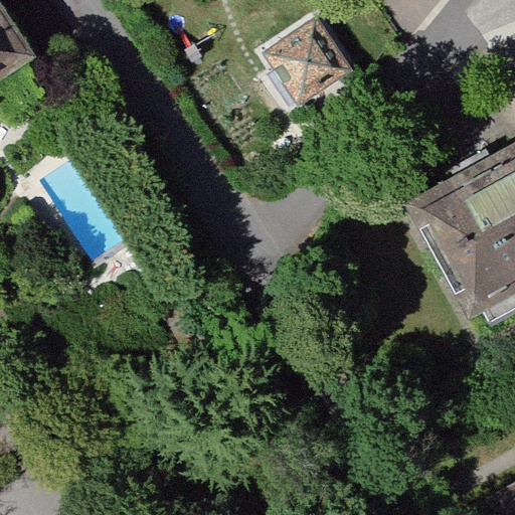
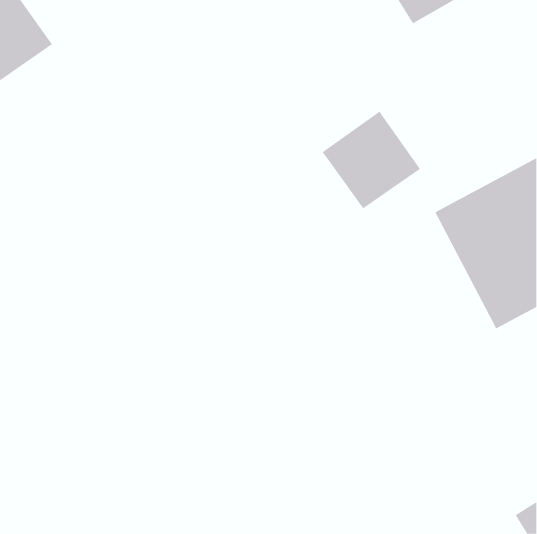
building: [260,13,354,107] -> [322,111,421,209]

